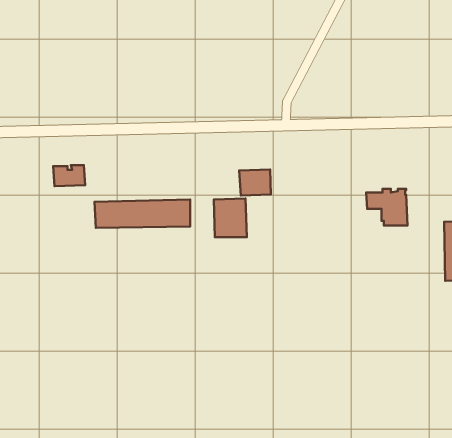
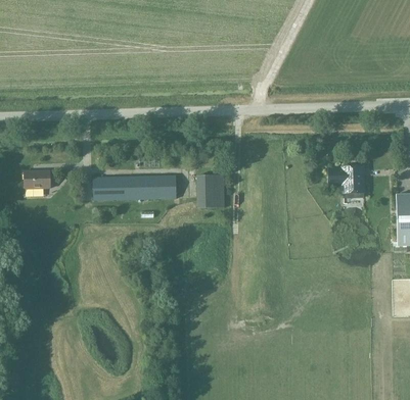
building: [53,165,85,186] -> [24,170,51,189]
building: [239,169,271,196] -> none

